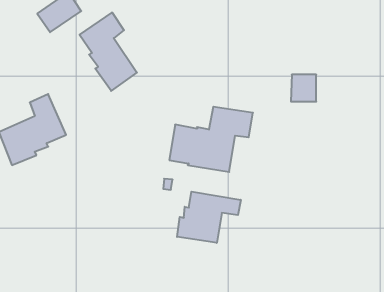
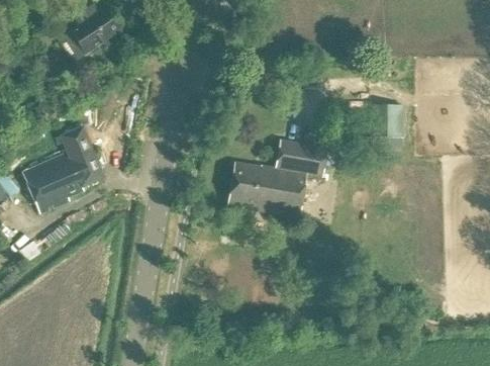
building: [80,12,137,91] -> none
building: [177,192,241,243] -> none

